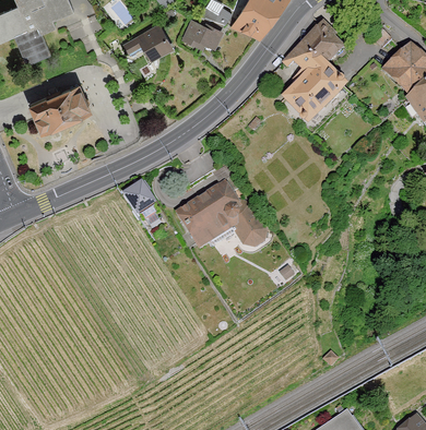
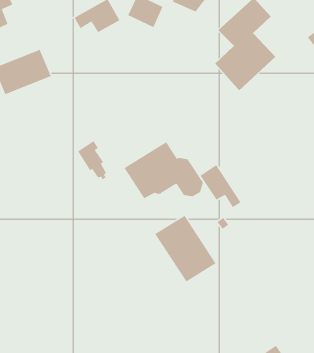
building: none -> [200,164,242,208]
building: none -> [154,215,217,282]

